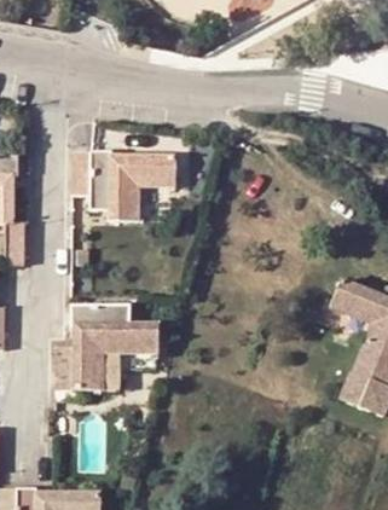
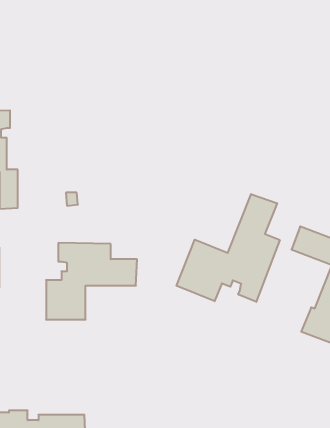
building: [74,146,175,216] -> none
building: none -> [176,194,280,302]

